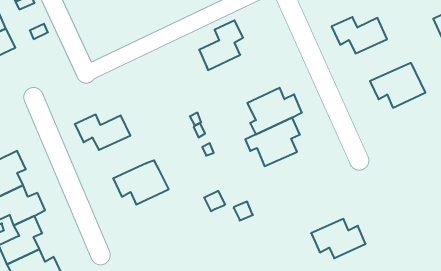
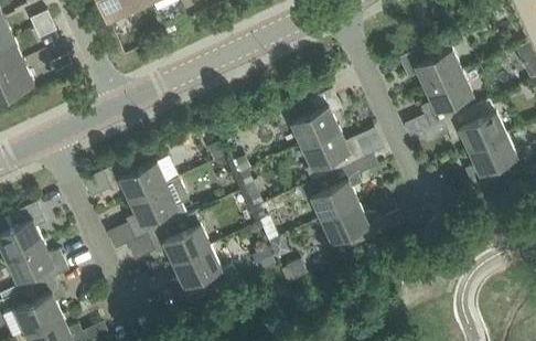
building: [199,20,243,70] -> [290,88,341,146]
building: none -> [420,72,489,126]
building: none -> [463,134,515,189]
building: none -> [125,178,187,239]
building: none -> [169,245,219,301]
building: [311,219,366,258] -> [320,202,383,247]

